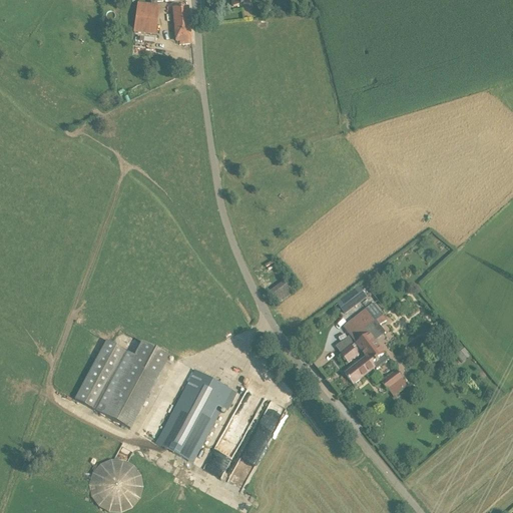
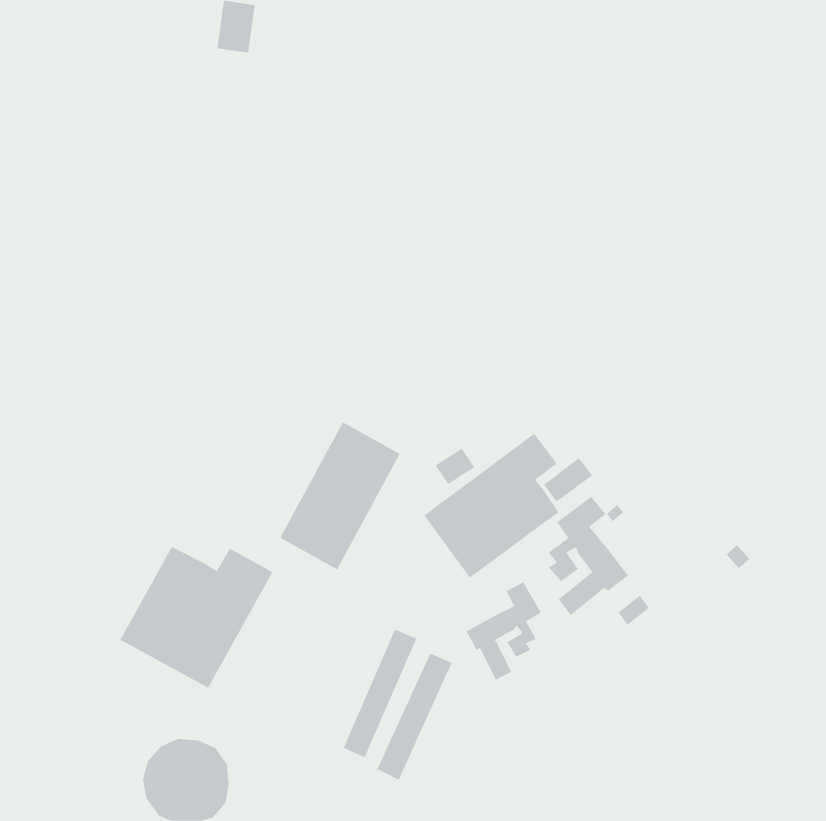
building: [173,6,190,43] -> none
building: none -> [423,433,559,579]
building: none -> [466,582,542,681]
building: [156,369,231,461] -> [279,421,401,570]

